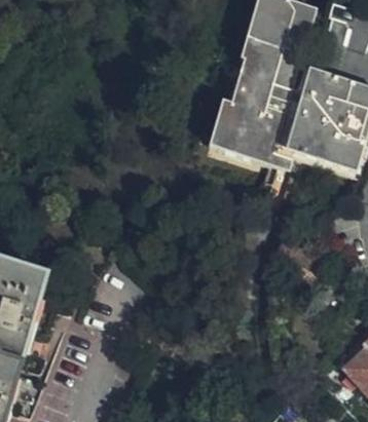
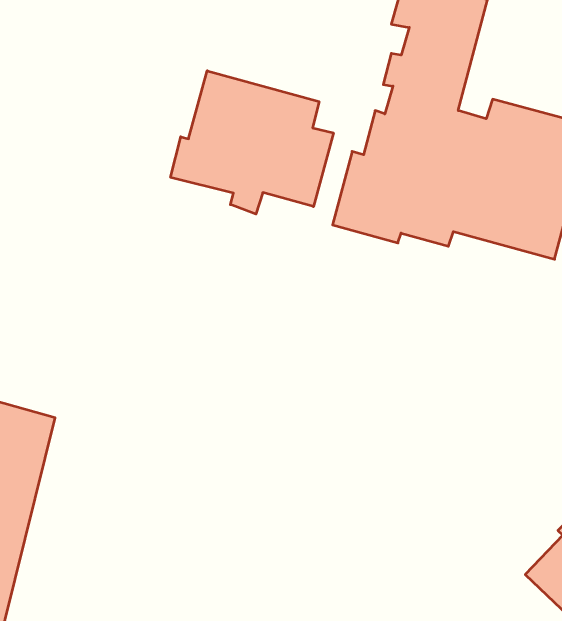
building: none -> [171,71,333,214]

